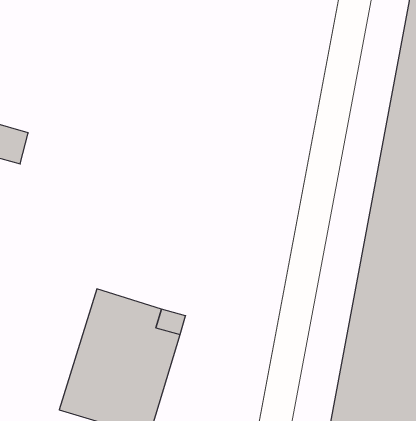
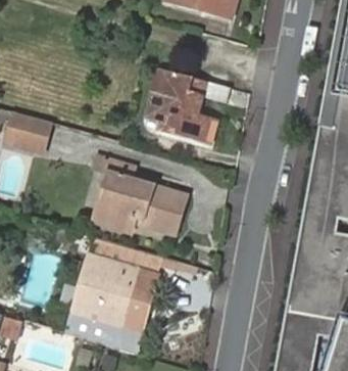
building: none -> [153,68,234,146]
building: none -> [98,159,189,235]

